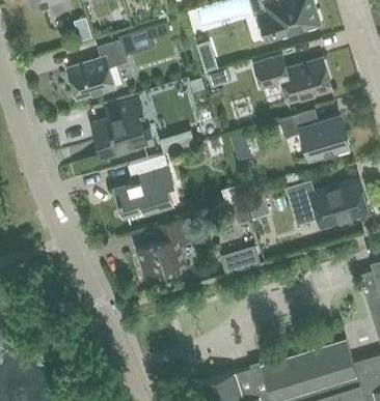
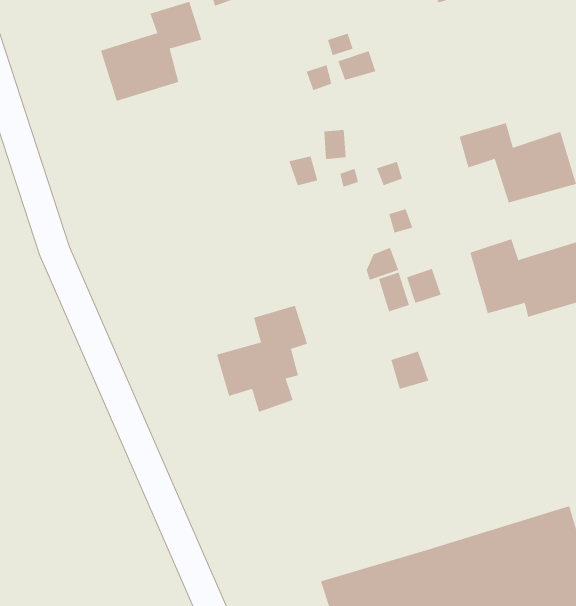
building: [253,56,331,104] -> none
building: [92,103,145,157] -> none
building: [115,155,173,221] -> none

